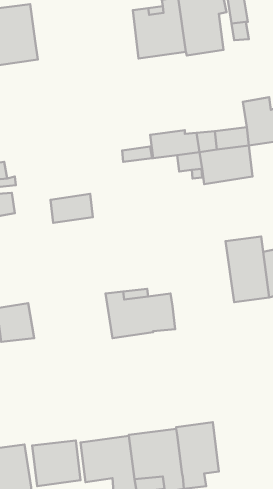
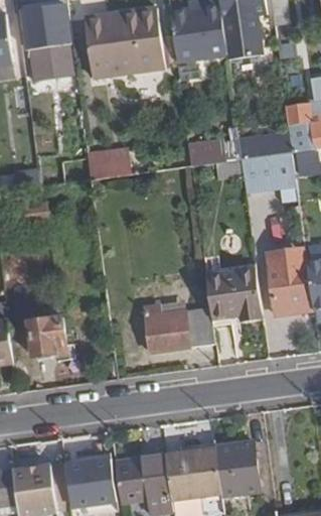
building: none -> [84,7,163,77]
building: [50,194,93,223] -> [86,149,130,179]
building: none -> [203,268,261,322]

